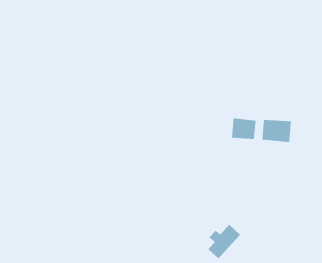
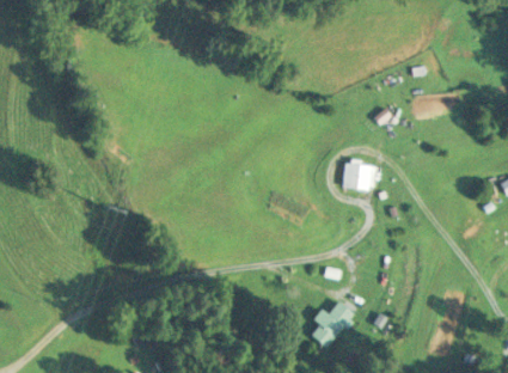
building: [262,119,291,143] -> none

